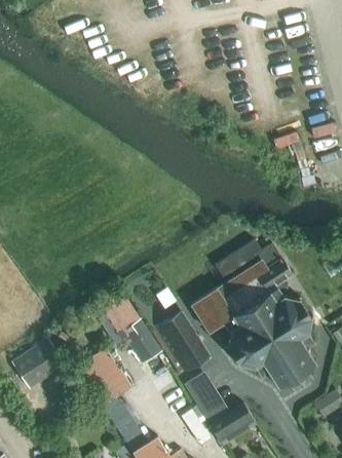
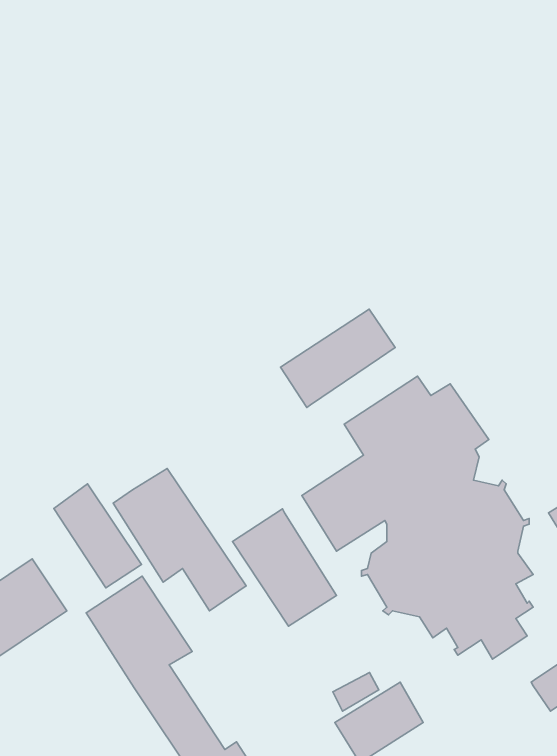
building: none -> [280,309,395,408]
building: none -> [54,484,141,588]
building: [193,372,228,407] -> none

